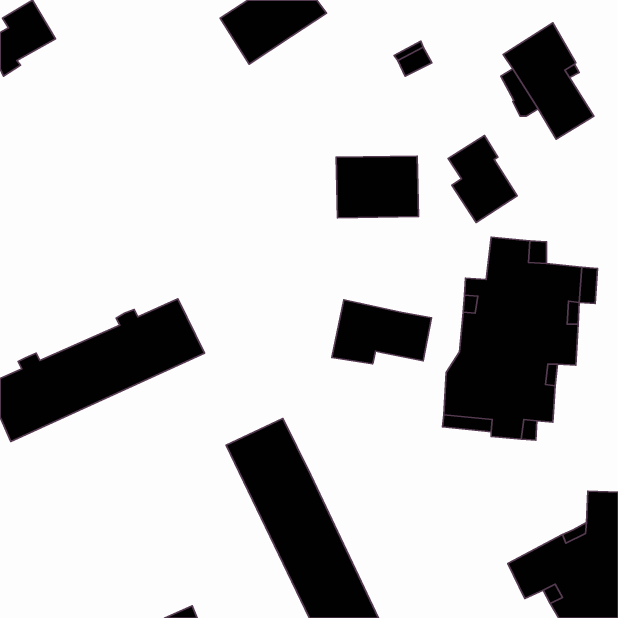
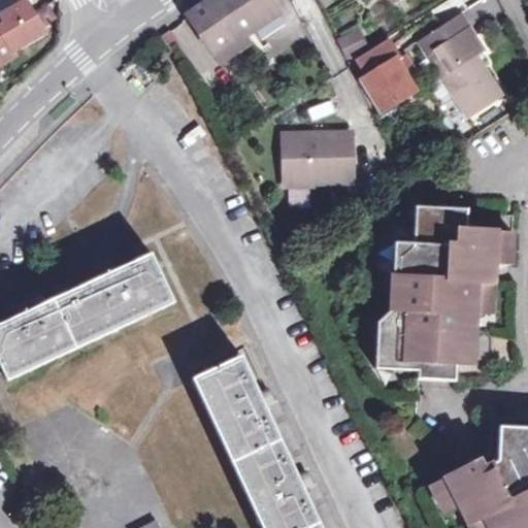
building: [448,135,517,222] -> [356,45,415,120]
building: [332,300,432,364] -> none

